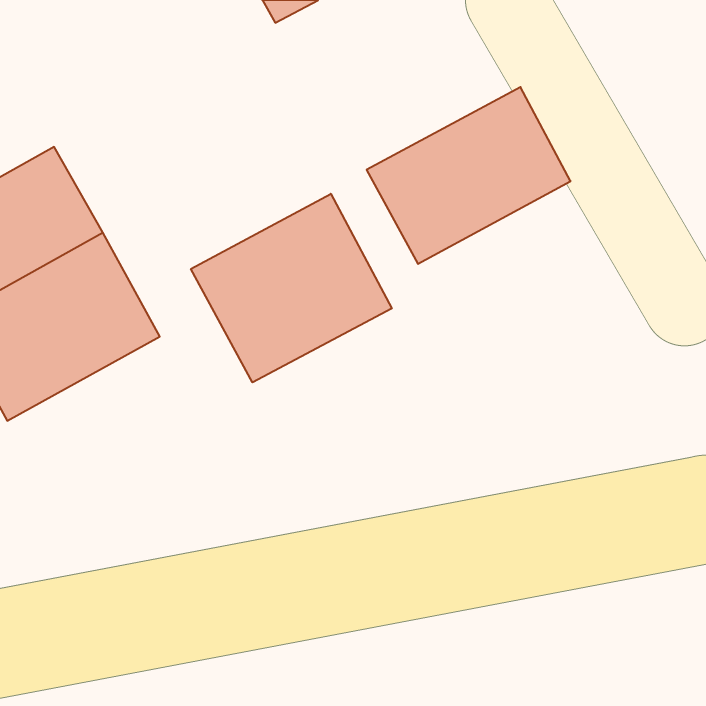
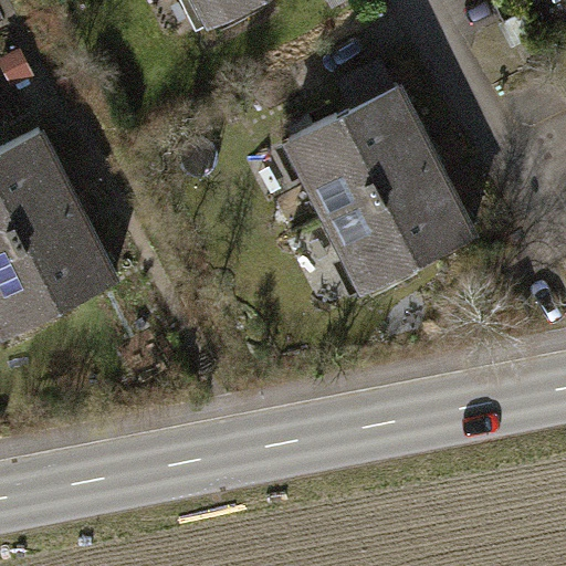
building: none -> [324,158,483,296]
building: [191,194,392,382] -> none

